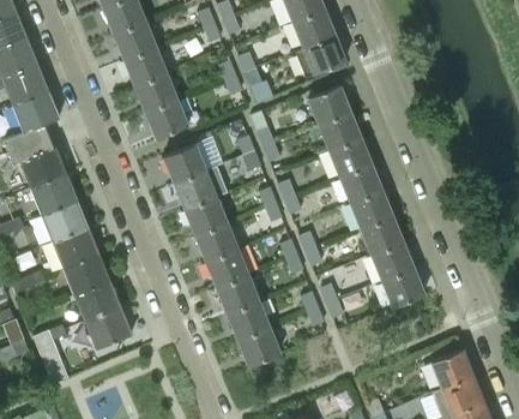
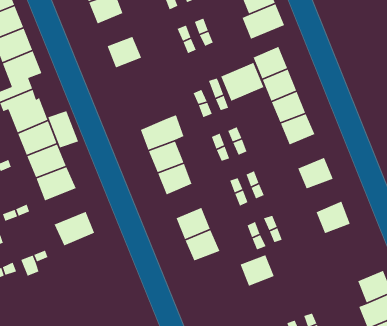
building: [123,47,165,85] -> none
building: [145,100,187,139] -> none
building: none -> [220,62,265,102]
building: [163,144,205,184] -> none
building: none -> [47,110,79,148]
building: [350,190,392,229] -> none
building: [370,243,412,281] -> none
building: [205,249,247,288] -> none
building: [61,253,110,295] -> none
building: [84,306,132,349] -> none
building: [237,328,279,366] -> [239,254,275,287]

